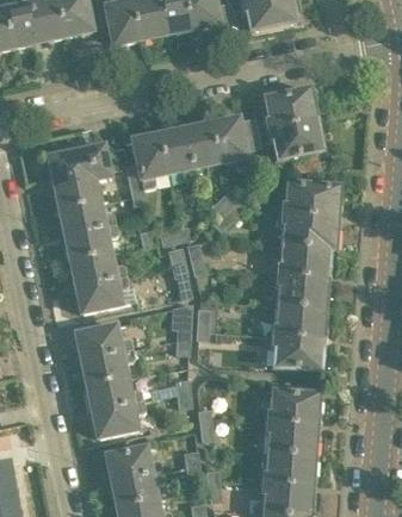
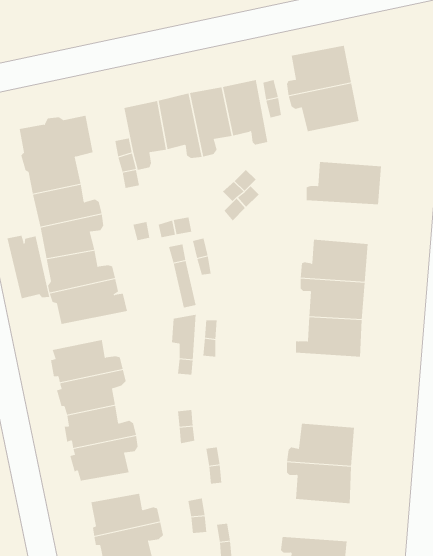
building: [277,212,336,247] -> none
building: none -> [7,235,50,299]
building: [268,334,322,368] -> none
building: [259,450,314,484] -> none

